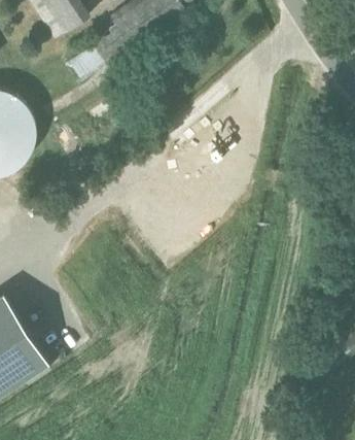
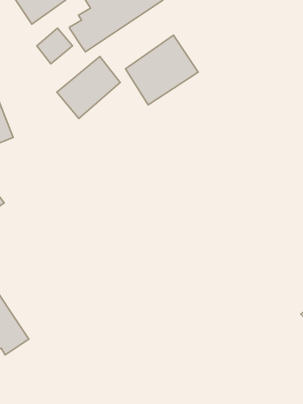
building: none -> [125,35,198,105]
building: none -> [57,56,120,119]

